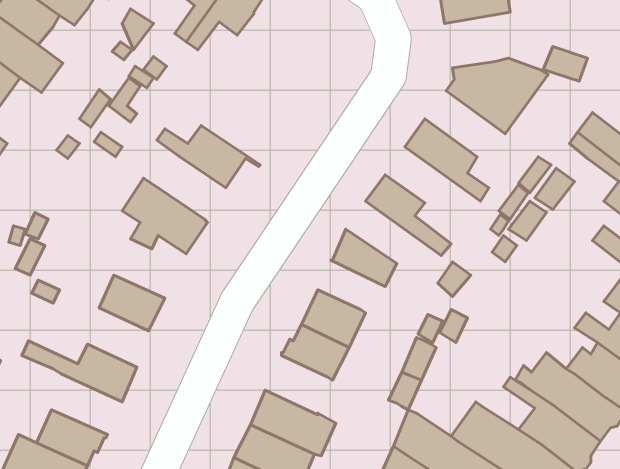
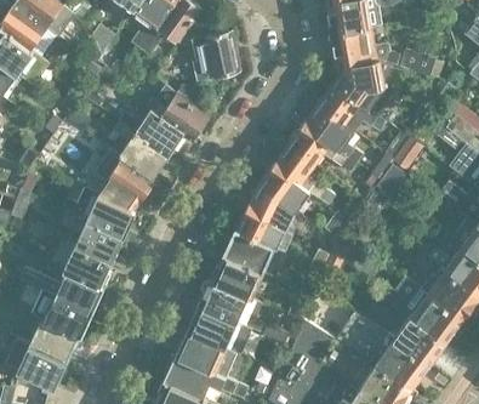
building: none -> [178,27,240,81]
building: none -> [331,27,401,67]
building: none -> [317,84,387,132]
building: none -> [147,85,210,138]
building: none -> [113,120,170,178]
building: none -> [287,125,358,173]
building: none -> [258,165,329,214]
building: none -> [68,186,136,237]
building: none -> [238,209,295,254]
building: none -> [64,244,113,288]
building: none -> [199,279,293,346]
building: none -> [30,289,93,337]

